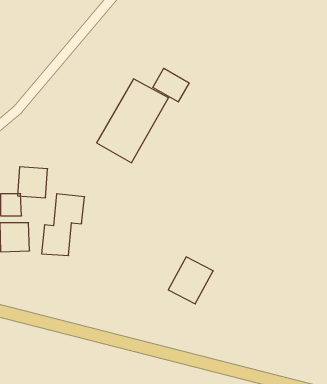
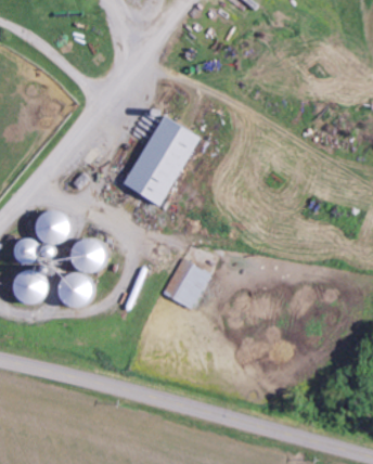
building: [153,68,189,102] -> none
building: [168,257,213,304] -> [158,257,207,308]

